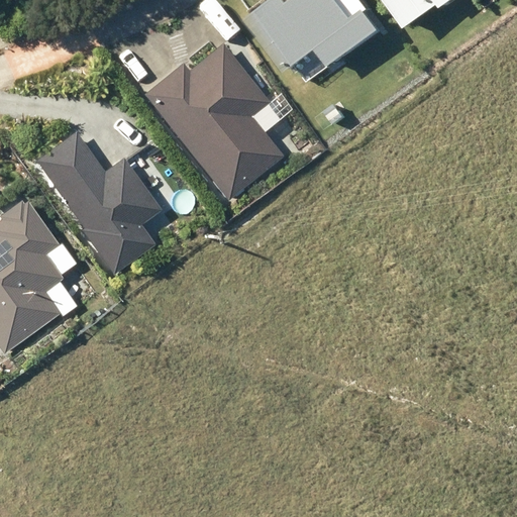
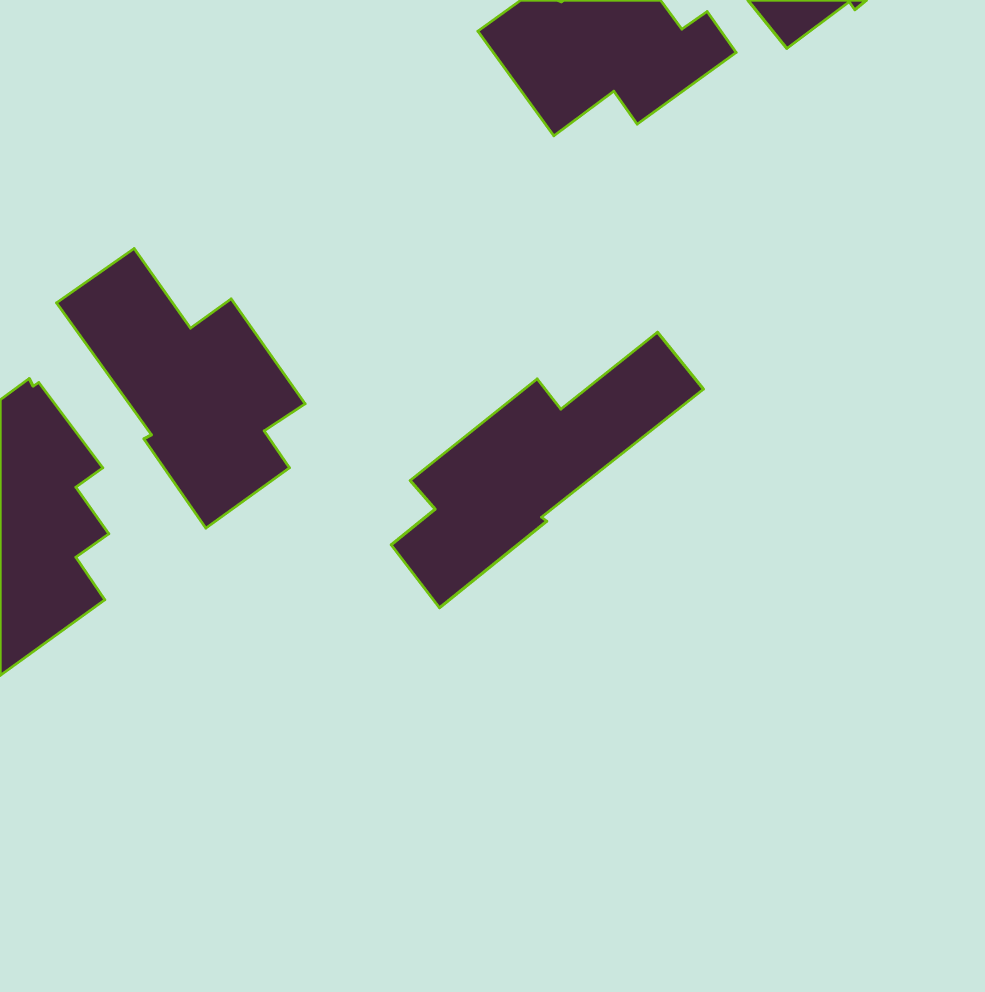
building: [141,41,283,199] -> none
building: none -> [391,332,703,608]

